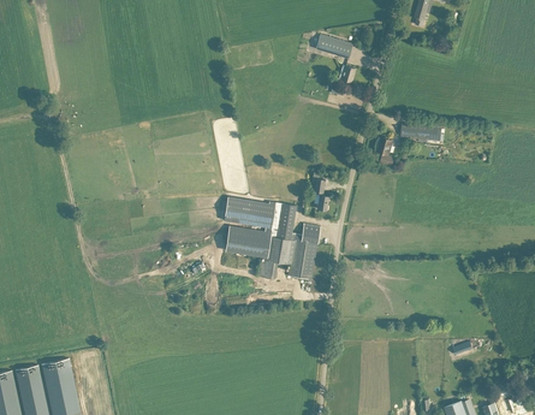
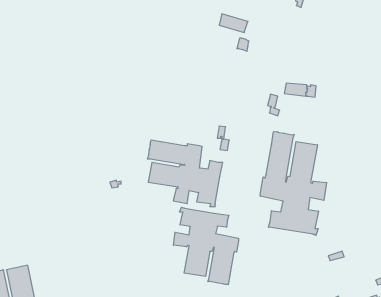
building: none -> [260,132,327,235]
building: none -> [173,207,239,285]

